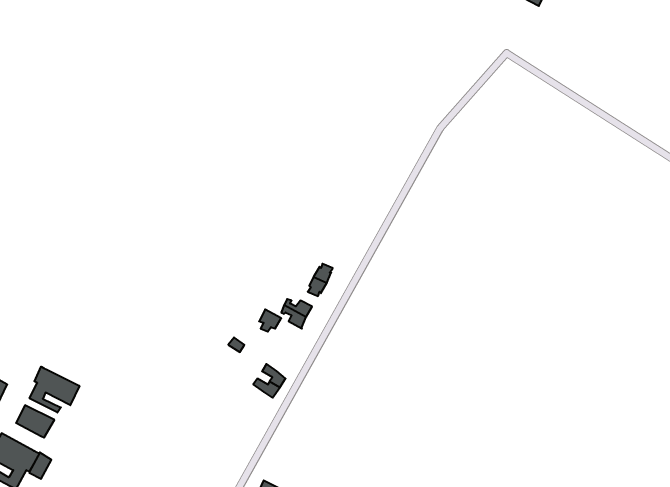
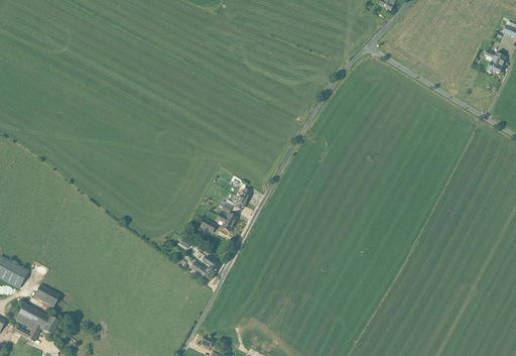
building: [30,367,79,413] -> none

